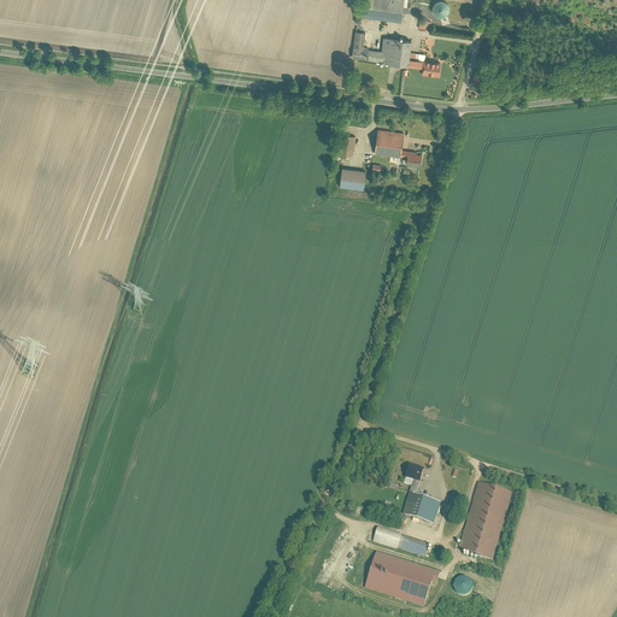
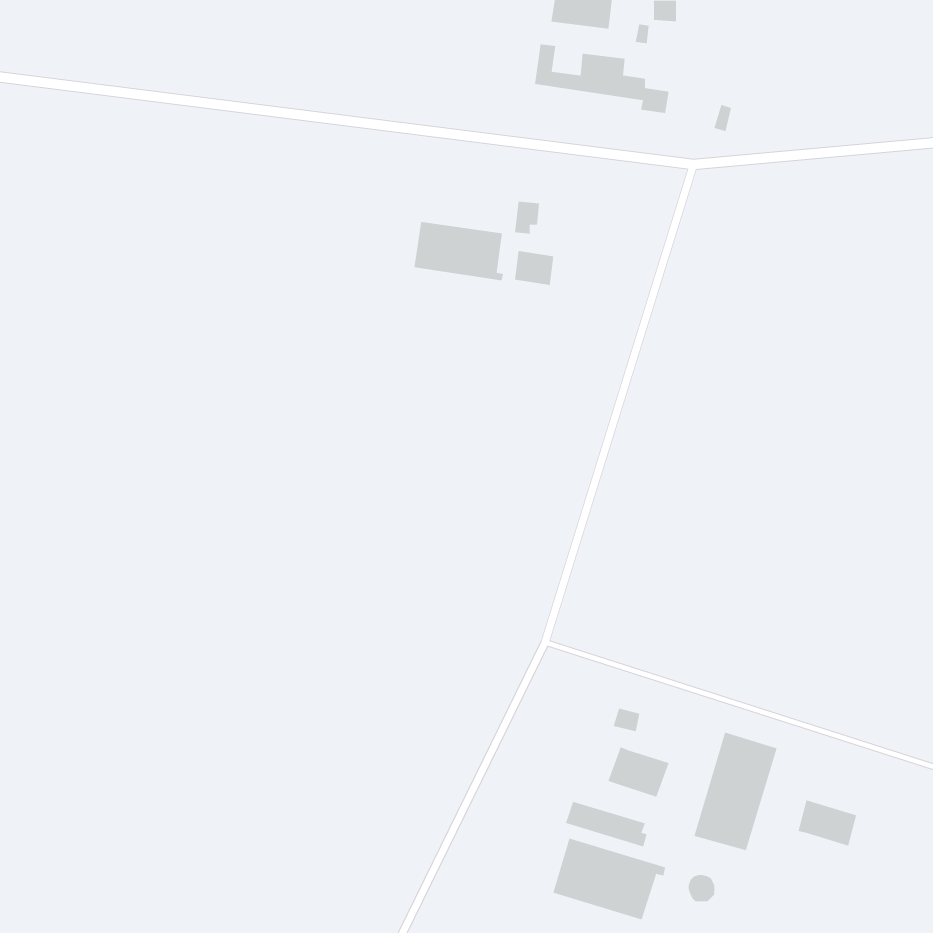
building: [375,127,422,164] -> none
building: none -> [414,221,504,281]
building: none -> [798,800,857,846]

